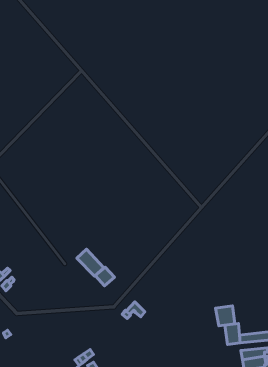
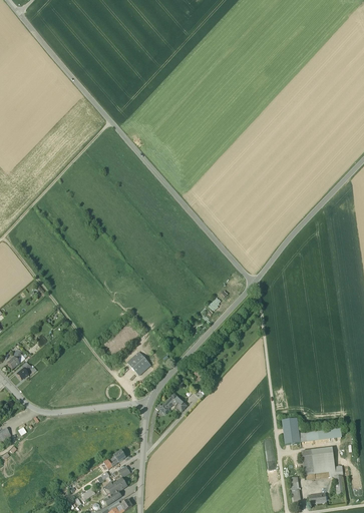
building: [77,249,104,276] -> none
building: [215,306,235,326] -> none

